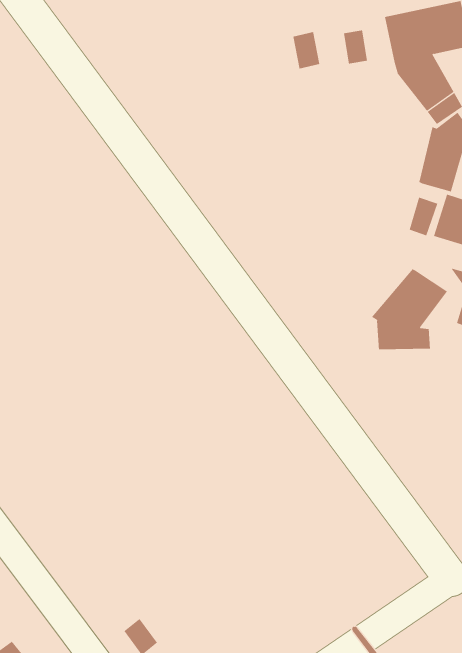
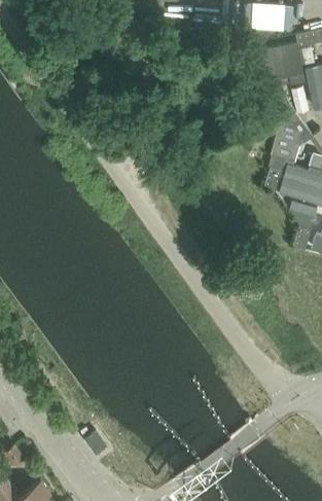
building: [371,269,448,350] -> none

